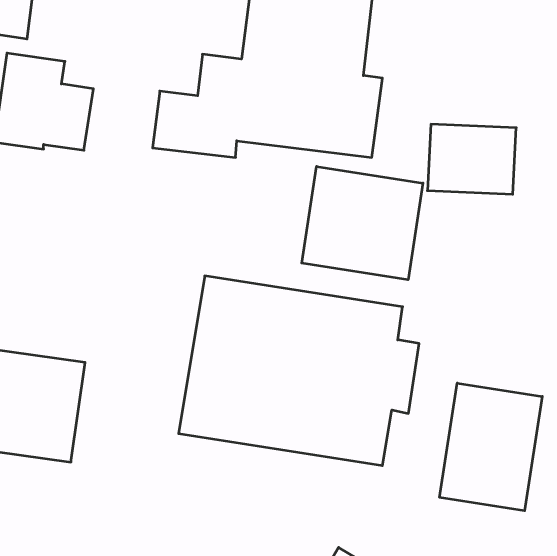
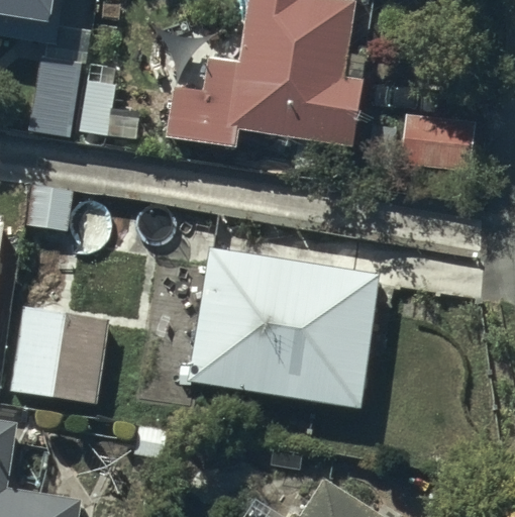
building: [302,166,423,280] -> none
building: [440,383,542,511] -> none

